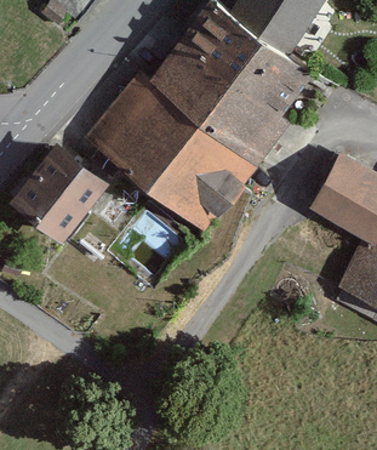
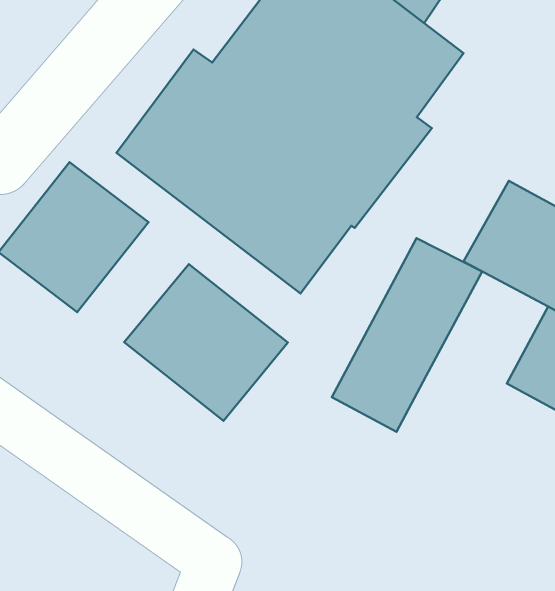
building: none -> [332,238,482,432]
building: none -> [124,264,288,421]

